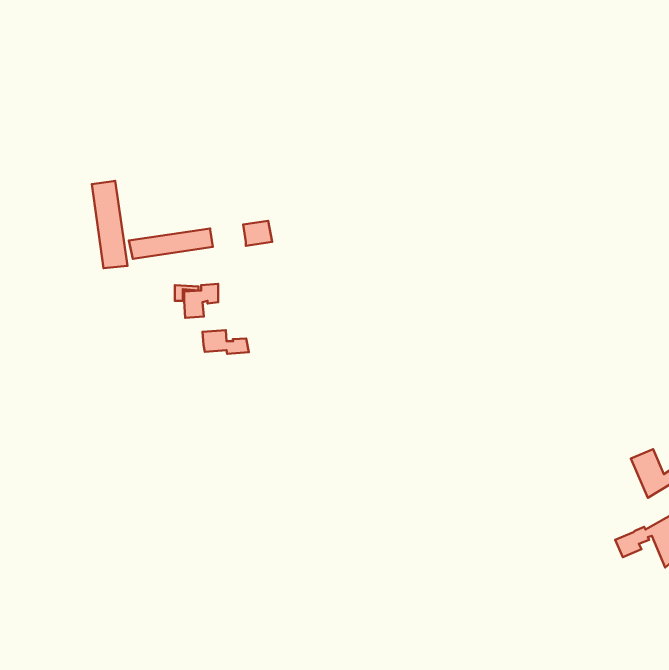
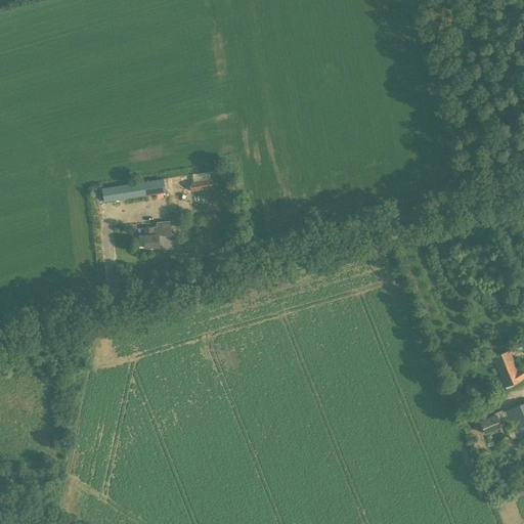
building: [92,181,128,268] -> none
building: [203,330,249,354] -> none

